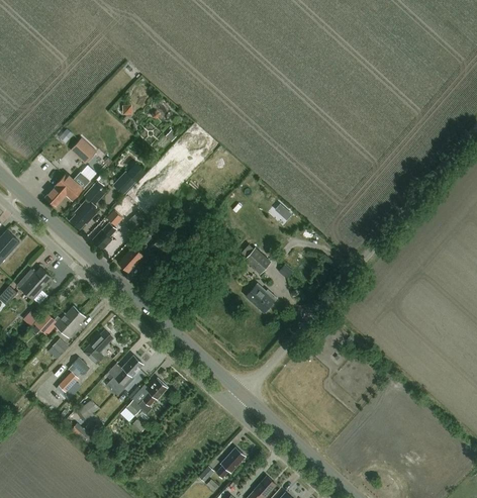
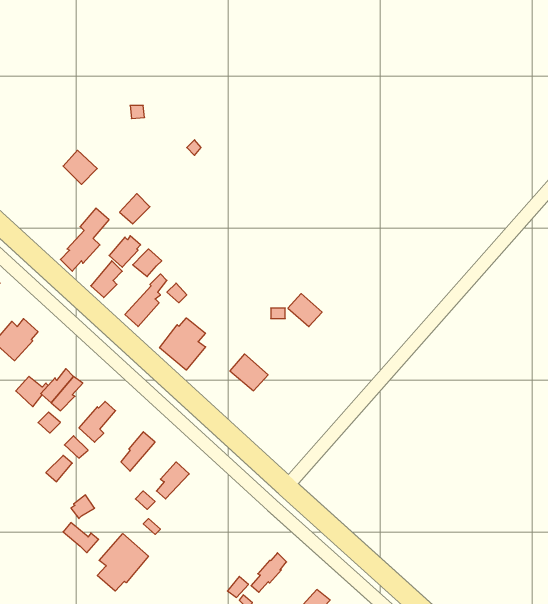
building: [44,174,83,207] -> none
building: none -> [160,318,206,370]
building: [246,285,275,313] -> [230,354,268,391]
building: none -> [97,534,148,591]

